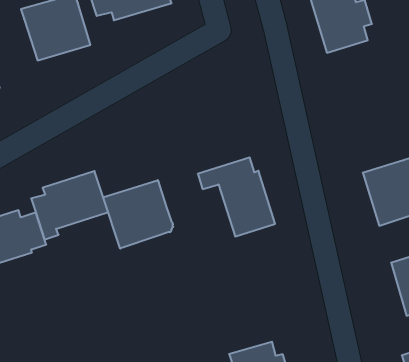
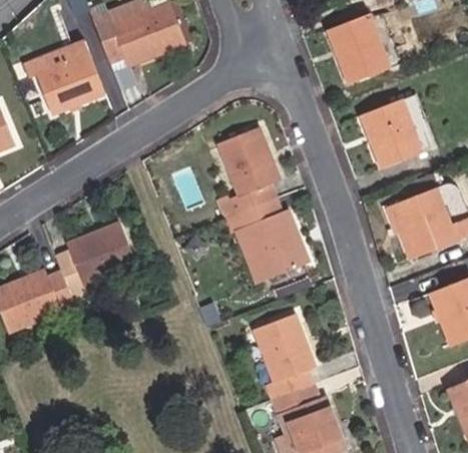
building: none -> [360,99,422,167]
building: none -> [217,126,281,217]
building: [103,180,173,249] -> none
building: none -> [254,313,315,400]

